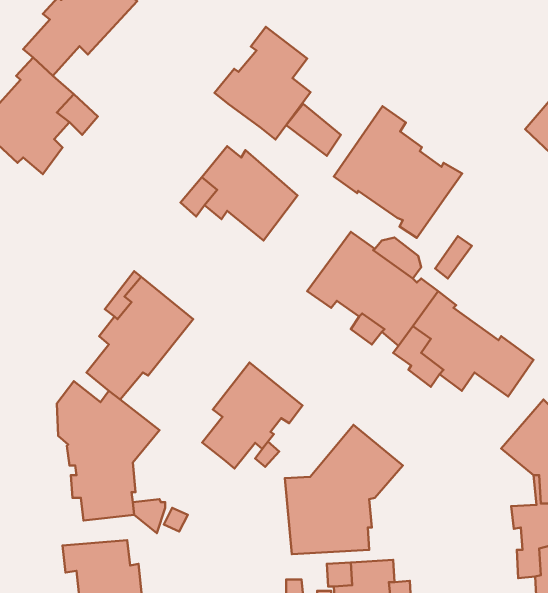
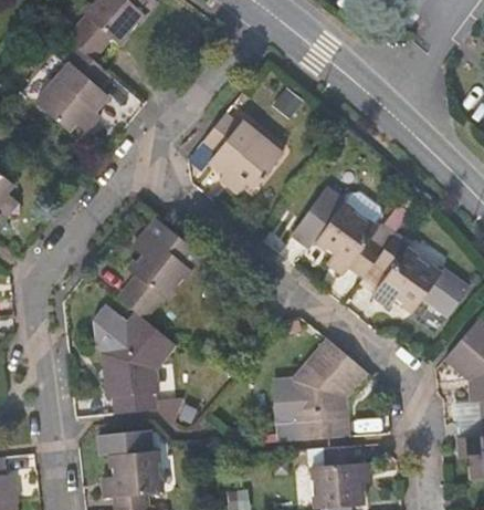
building: [215,27,310,139] -> none
building: [334,106,462,238] -> none
building: [202,362,303,468] -> none

